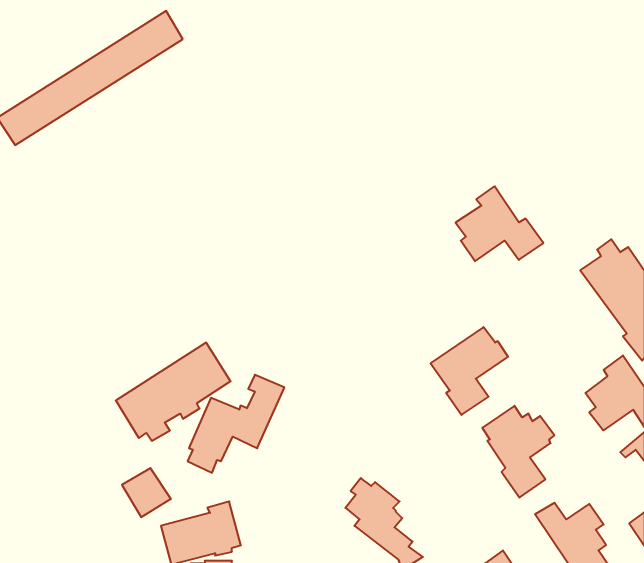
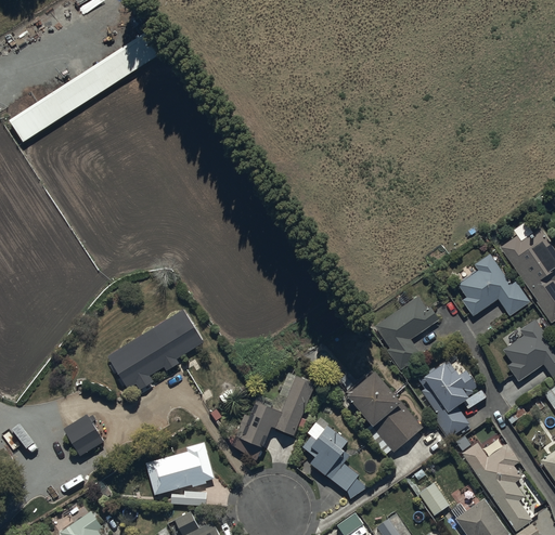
building: [456,186,543,261] -> [456,253,530,316]
building: [188,375,284,473] -> [234,374,315,456]
building: none -> [345,367,422,455]
building: [122,468,171,517] -> [64,414,105,455]

